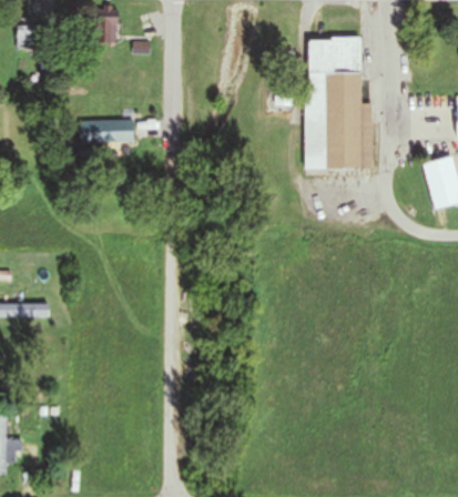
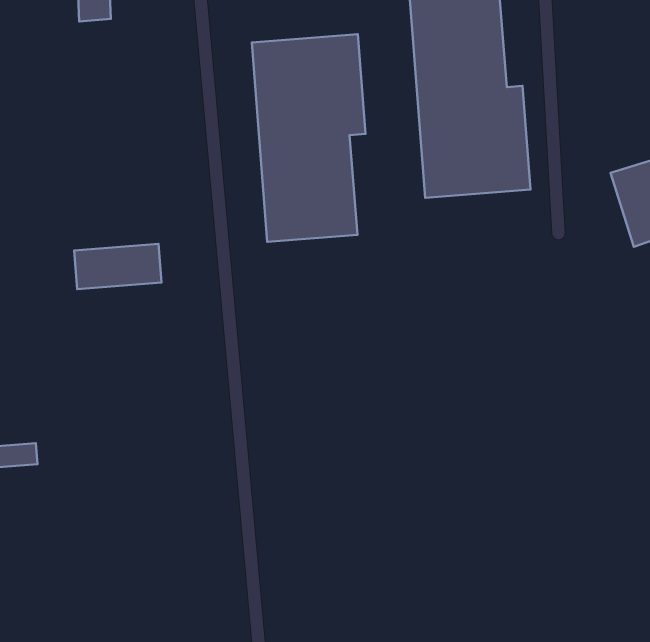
building: none -> [252,34,366,242]
building: [80,119,133,143] -> [74,244,162,289]

